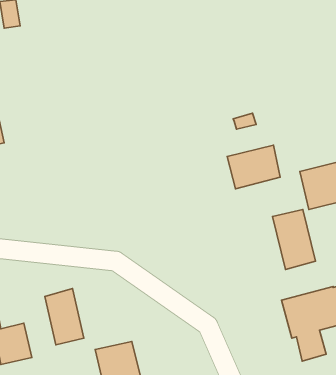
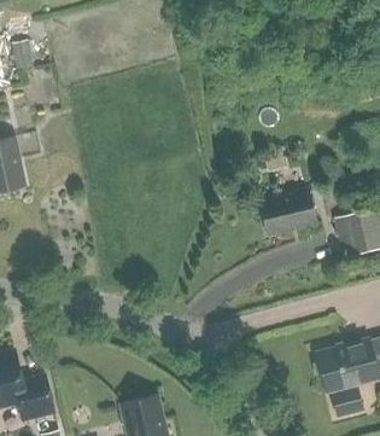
building: [272,209,316,269] -> none
building: [45,289,84,345] -> none

